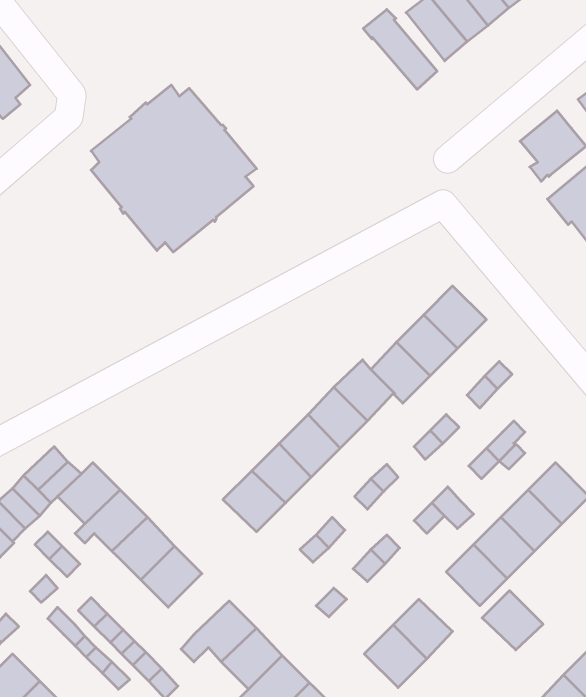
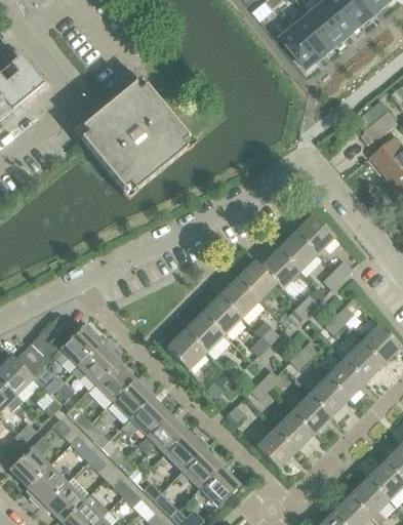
building: [363,9,437,89] -> none
building: none -> [121,397,169,436]
building: [482,591,543,650] -> [290,396,329,434]

